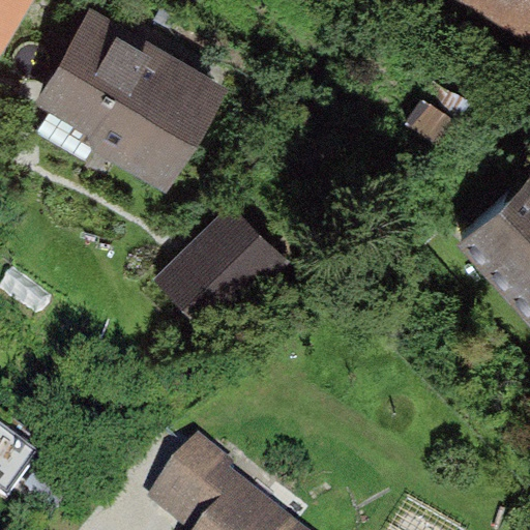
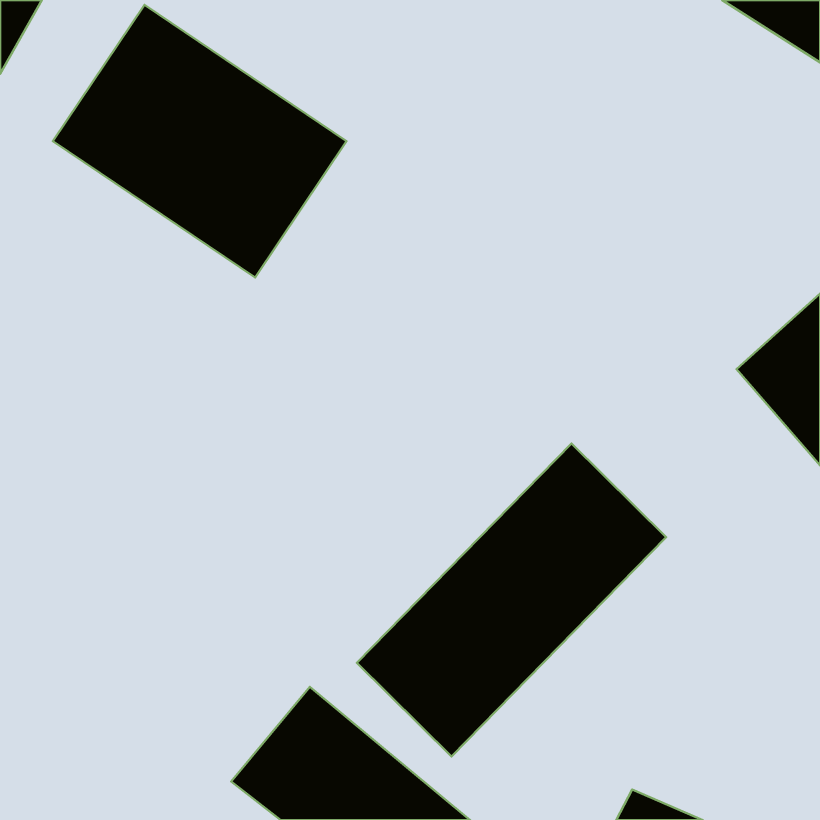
building: [165,215,279,330] -> none
building: none -> [357,444,666,756]

